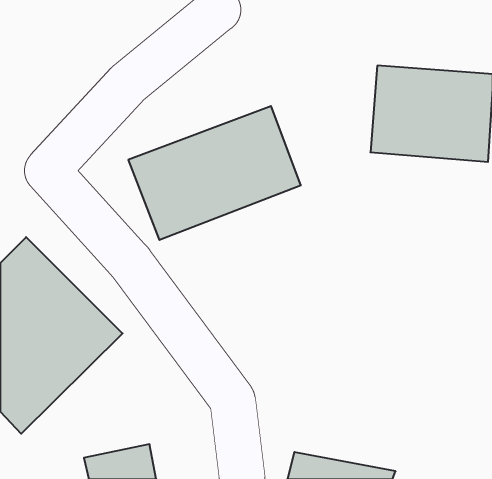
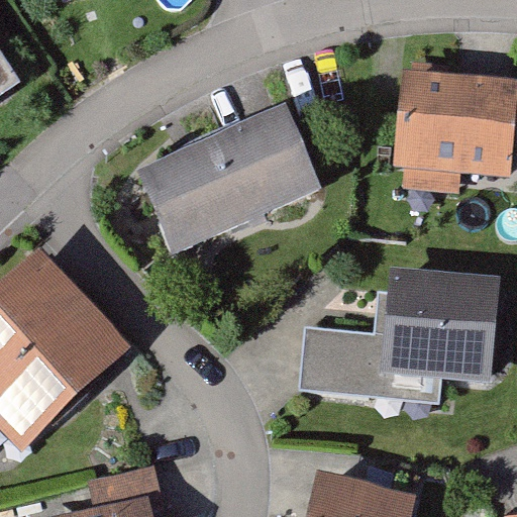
building: none -> [302,272,501,402]

